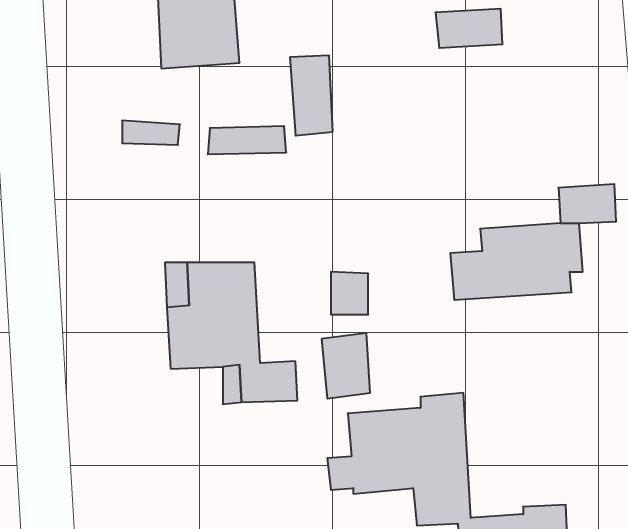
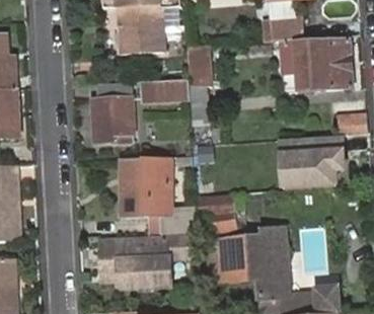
building: none -> [279,40,350,90]
building: none -> [91,96,131,141]
building: none -> [107,236,196,292]

